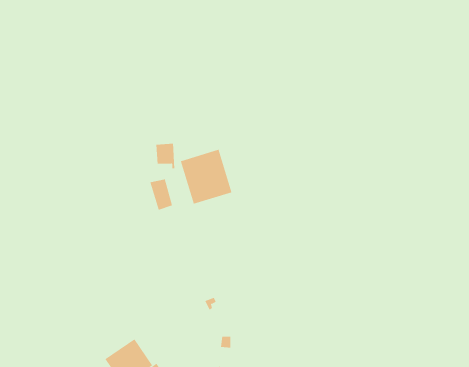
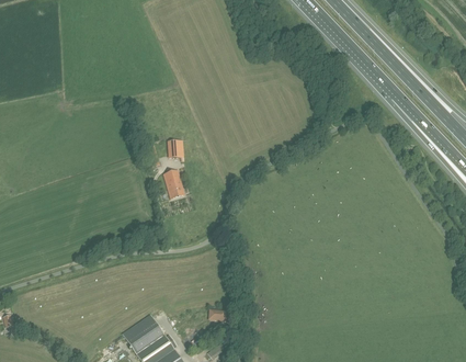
building: [180,149,232,205] -> none

